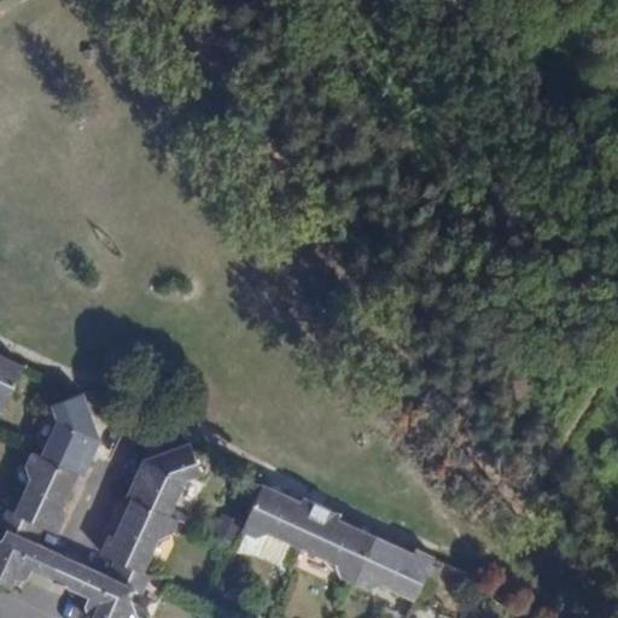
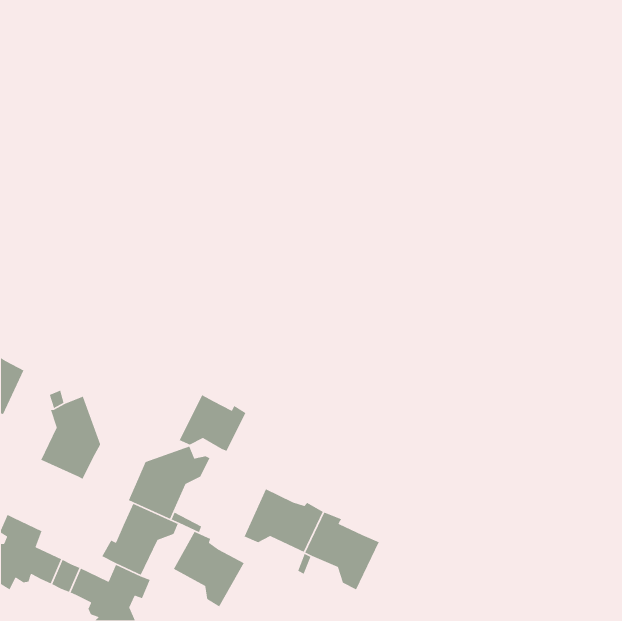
building: none -> [179,394,247,452]
building: [14,453,77,532] -> none
building: none -> [173,531,245,607]
building: [354,537,435,601] -> none

